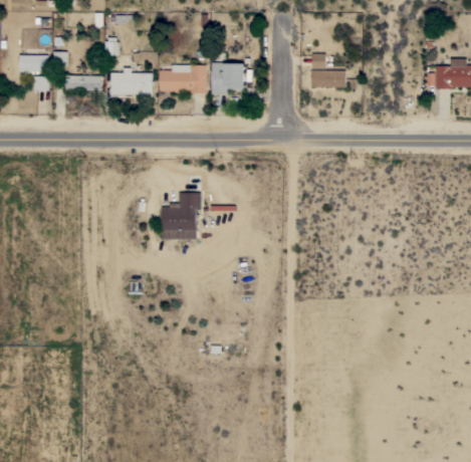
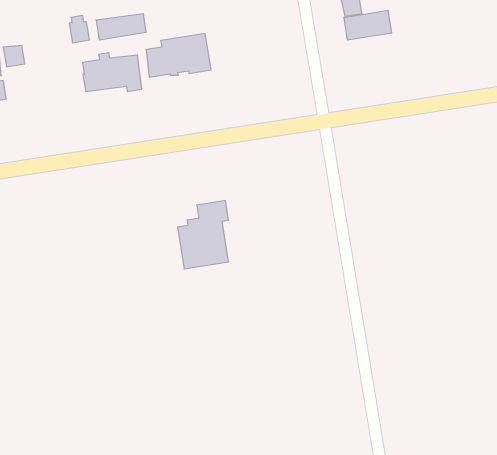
building: [211,58,249,94] -> none
building: [65,75,101,90] -> [96,14,146,40]

